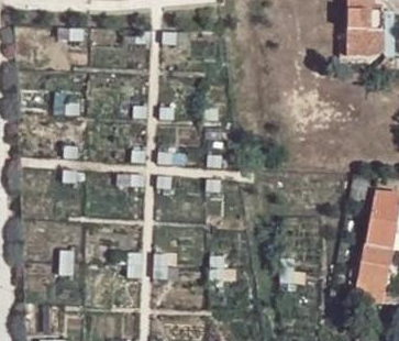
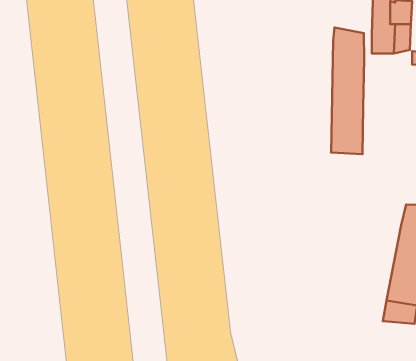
building: none -> [331,27,364,154]

